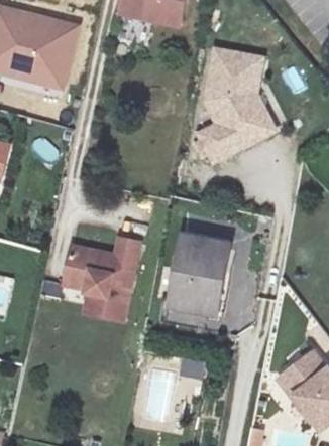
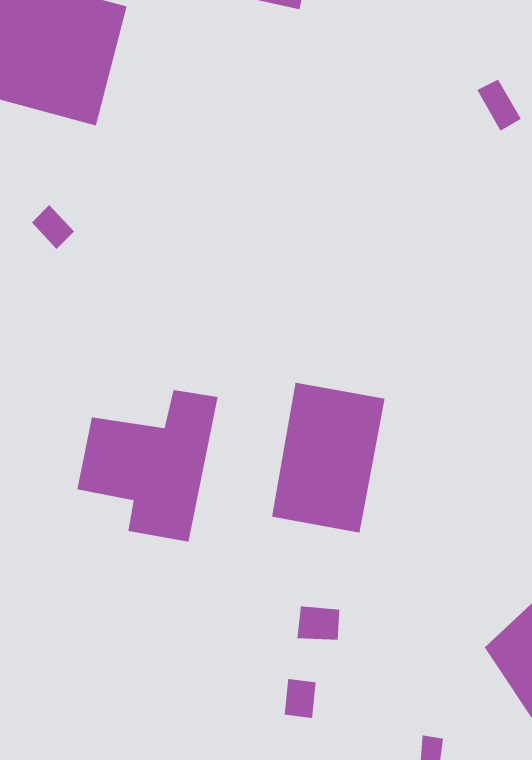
building: [197,46,283,164] -> none

